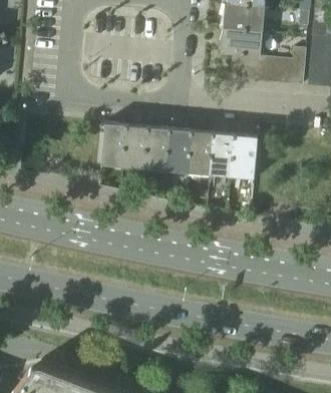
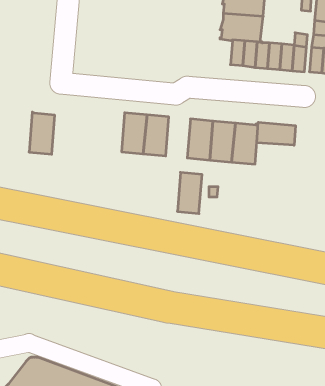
building: [101,121,126,162] -> [29,112,55,154]
building: [167,128,191,168] -> [177,172,202,214]
building: none -> [257,122,295,145]

